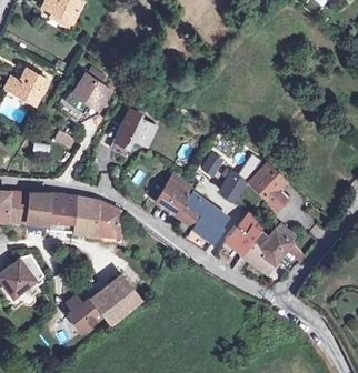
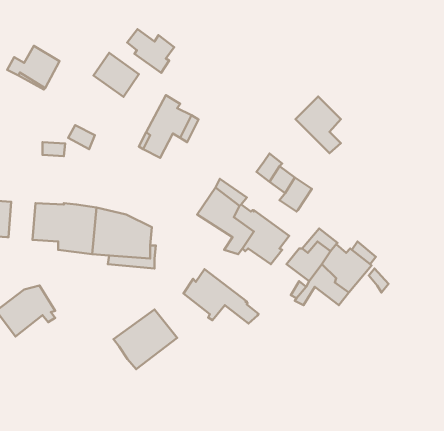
building: none -> [127,29,174,73]
building: [250,162,286,206] -> [296,96,341,153]
building: [8,191,29,221] -> none
building: none -> [184,269,258,323]
building: [67,295,101,327] -> none

